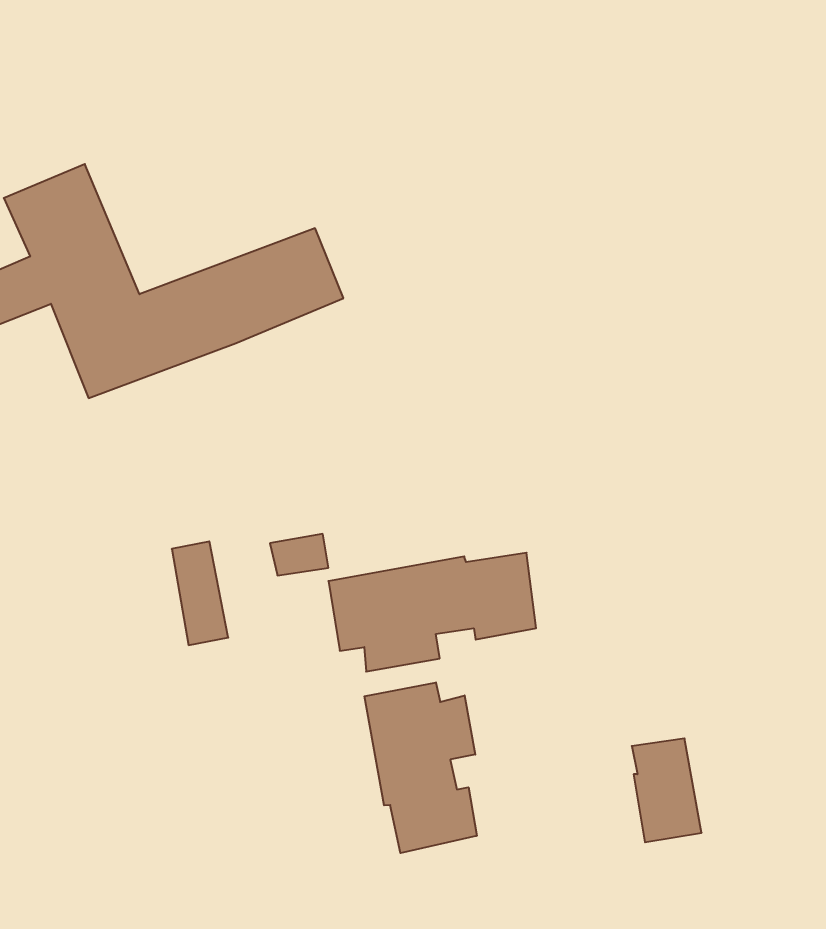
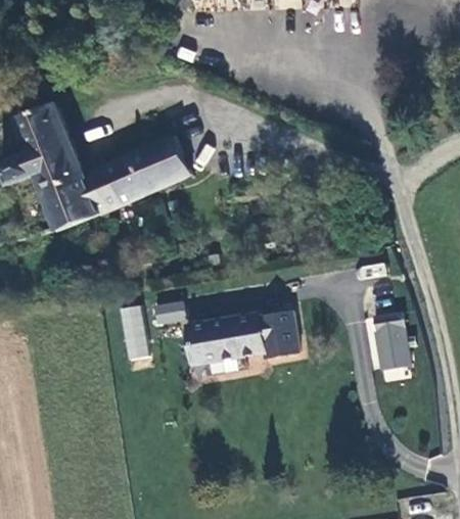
building: [364,682,477,853] -> none
building: [632,738,702,842] -> [374,313,412,369]

